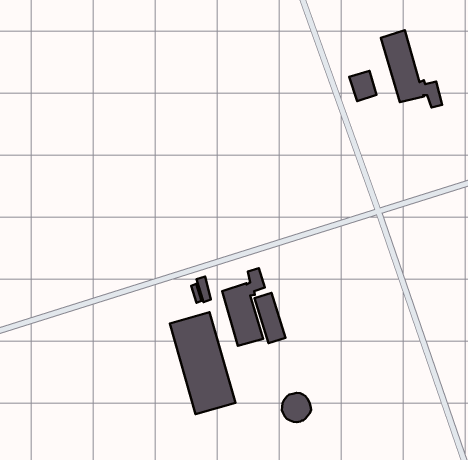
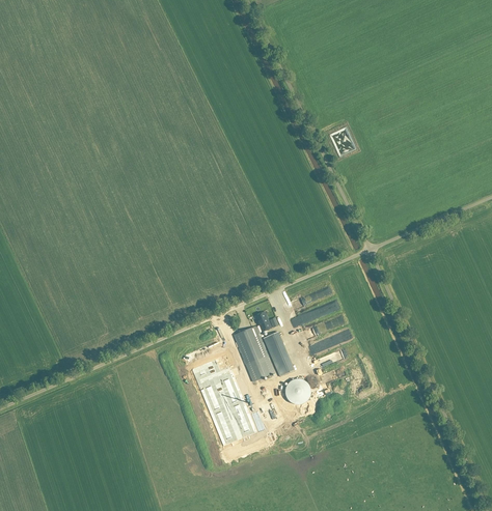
building: [381,30,442,107] -> none
building: [282,393,311,422] -> [285,377,311,403]

